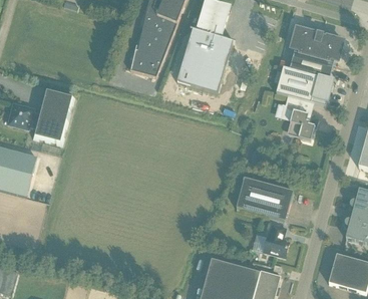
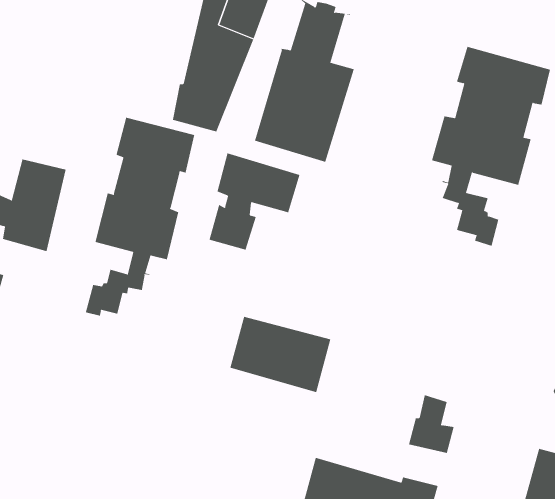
building: none -> [85,117,195,316]
building: none -> [209,152,300,250]
building: [236,179,293,222] -> [229,316,331,393]

